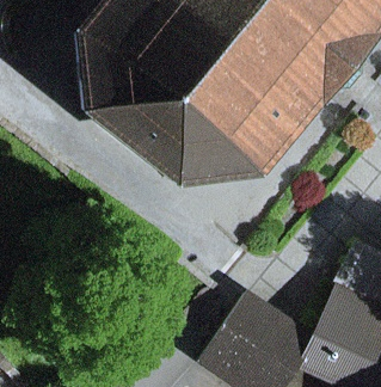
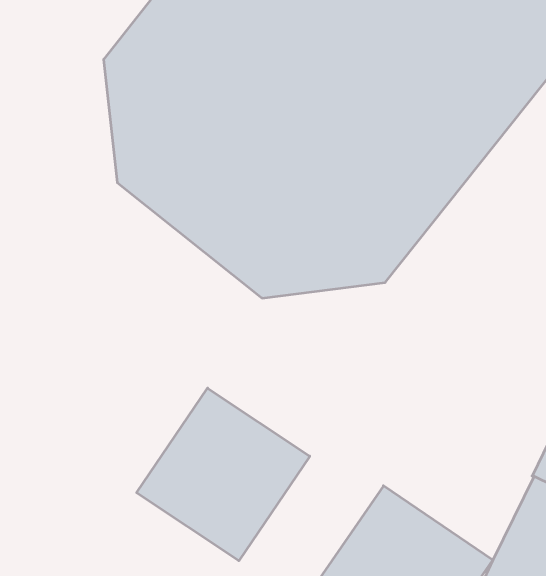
building: none -> [137,388,310,561]

